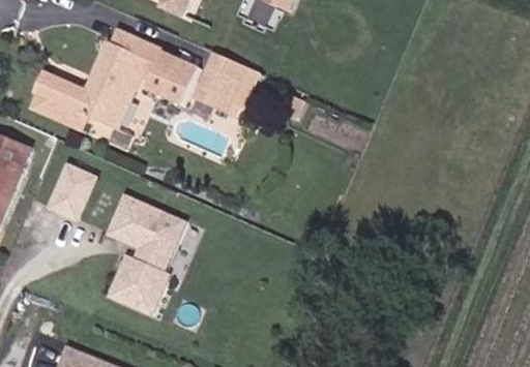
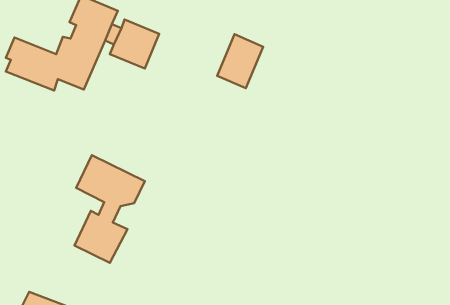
building: [197,51,246,109] -> [217,34,263,88]
building: [51,167,95,219] -> none

